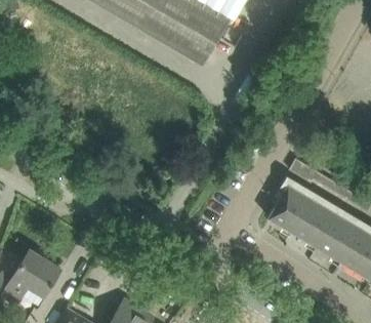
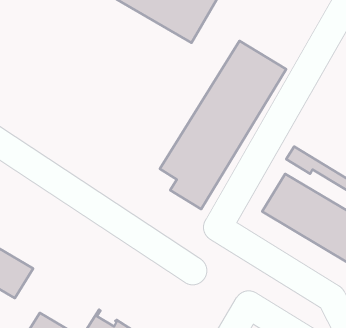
building: none -> [160,41,286,209]

